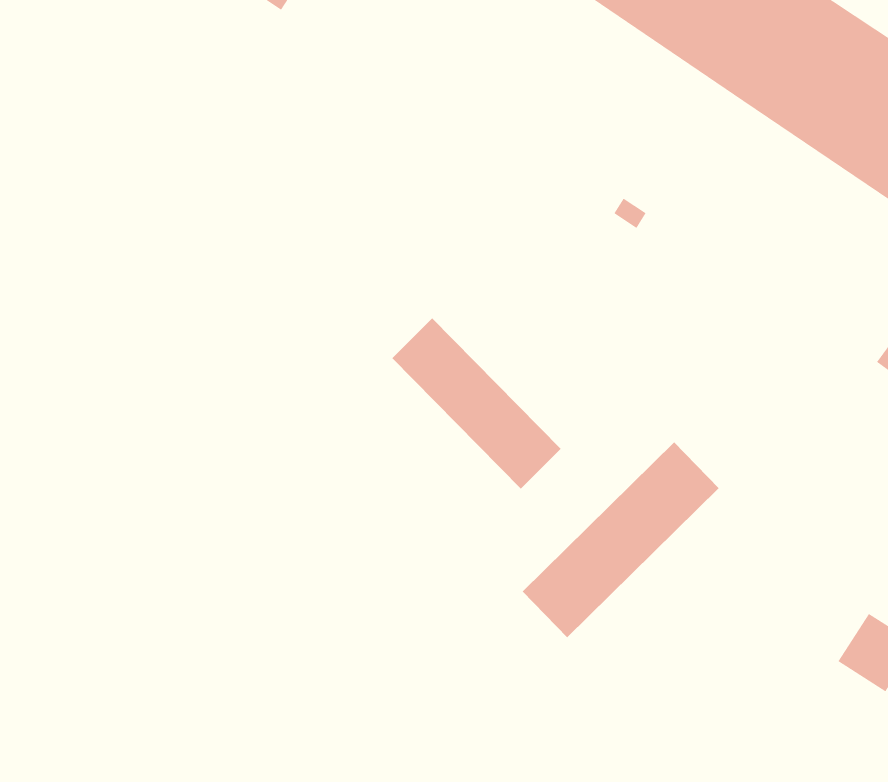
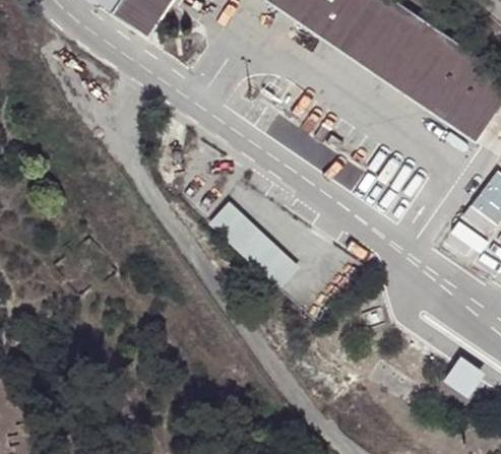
building: [522,441,720,638] -> none

